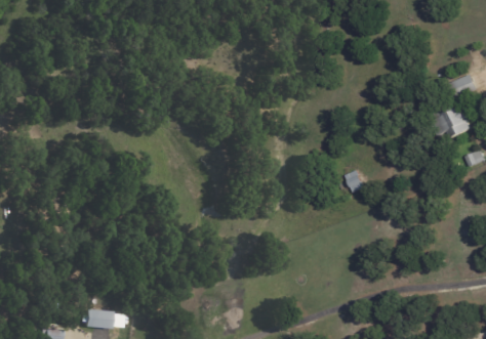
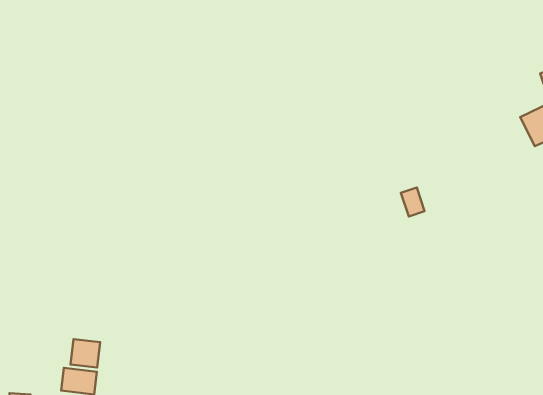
building: none -> [71,339,100,368]

